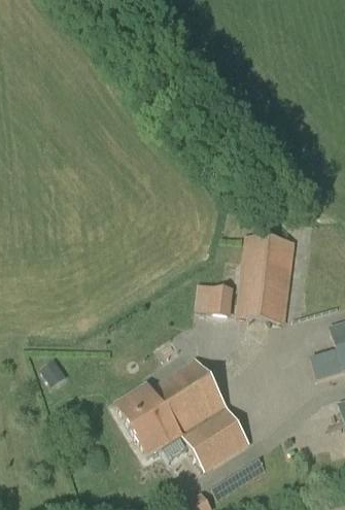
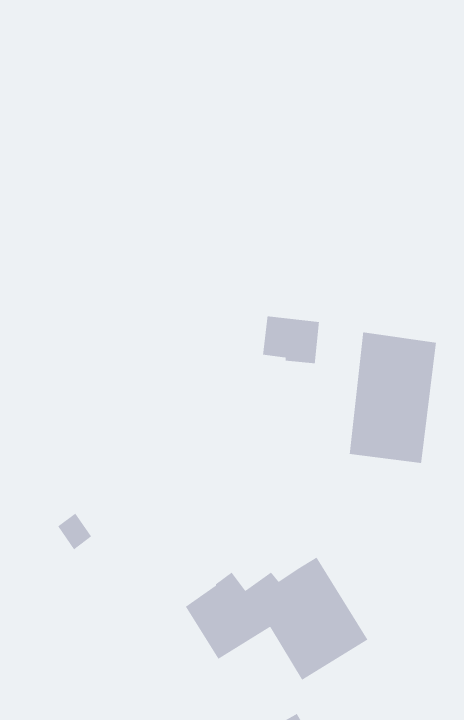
building: [195,283,234,316] -> [262,316,320,364]
building: [115,358,215,420] -> none

